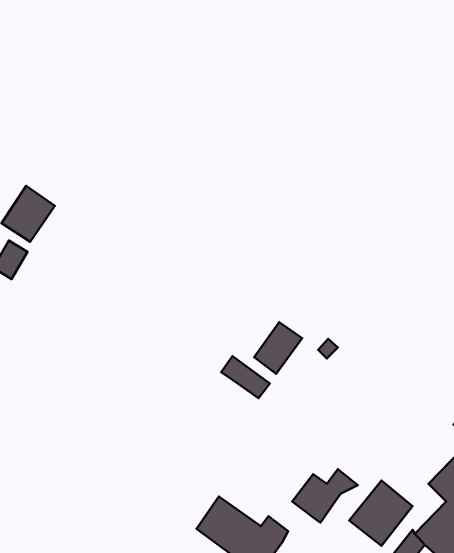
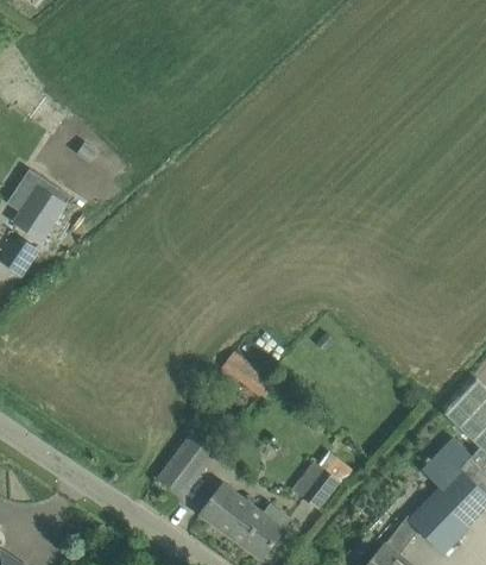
building: [254,322,302,374] -> none
building: none -> [154,434,213,498]
building: [349,480,413,546] -> none

